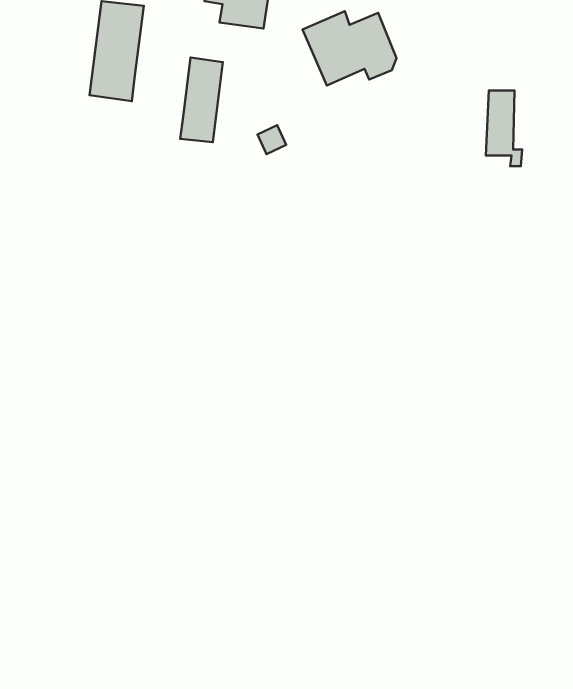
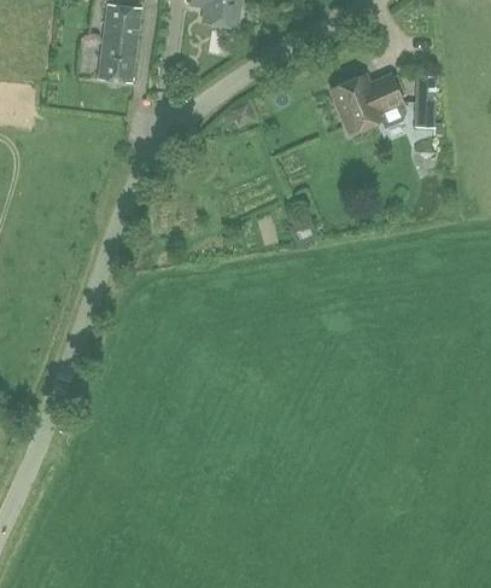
building: [303,11,396,85] -> [331,74,405,133]
building: [180,57,223,142] -> none

